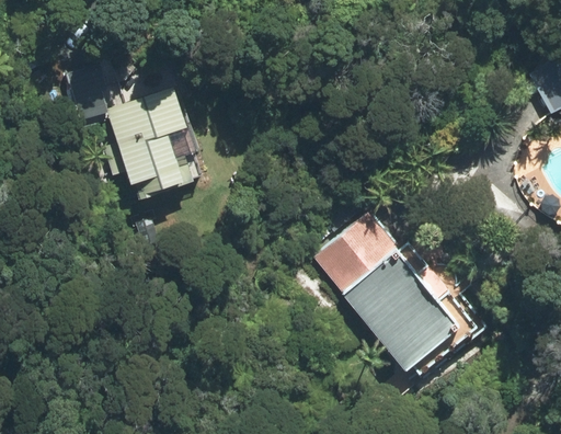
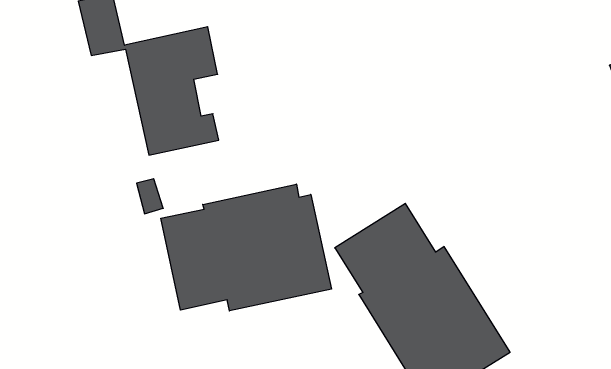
building: none -> [161,184,331,311]

